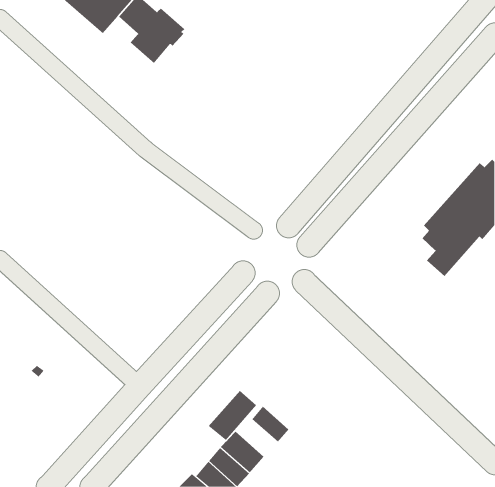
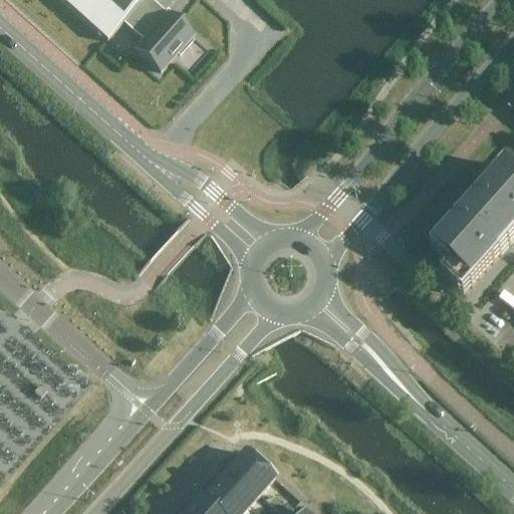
building: [208,390,257,441] -> none
building: [252,406,289,442] -> none

